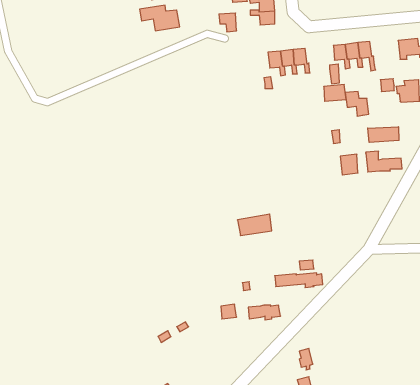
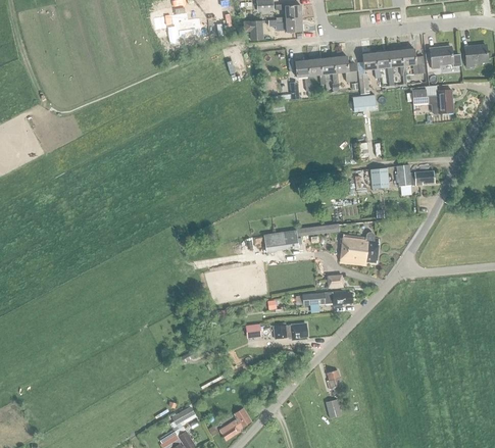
building: none -> [333,55,356,81]
building: [345,92,369,116] -> [400,48,425,73]
building: [368,127,399,142] -> none
building: none -> [340,232,379,264]

